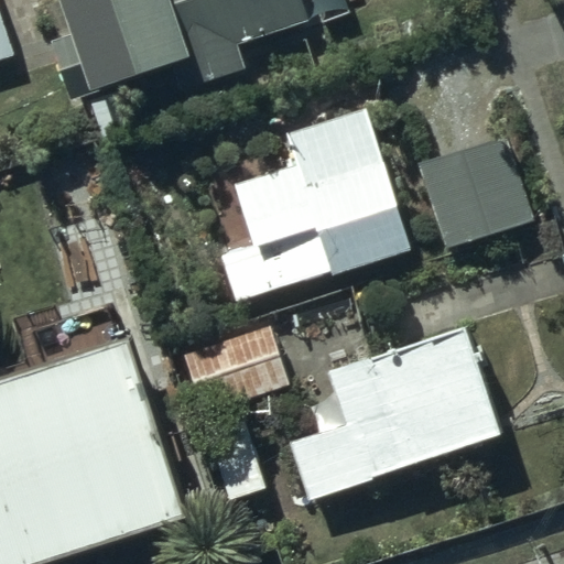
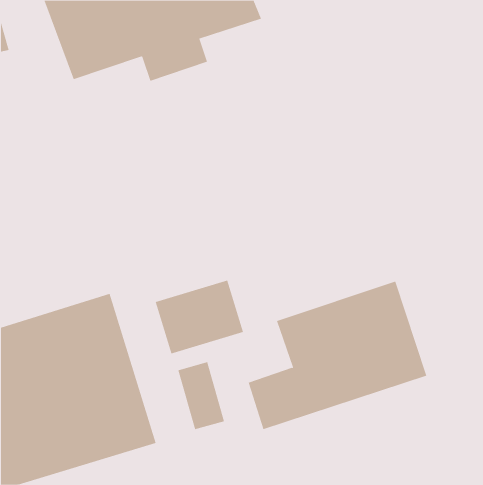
building: [221,108,411,300] -> none
building: [415,134,535,249] -> none

